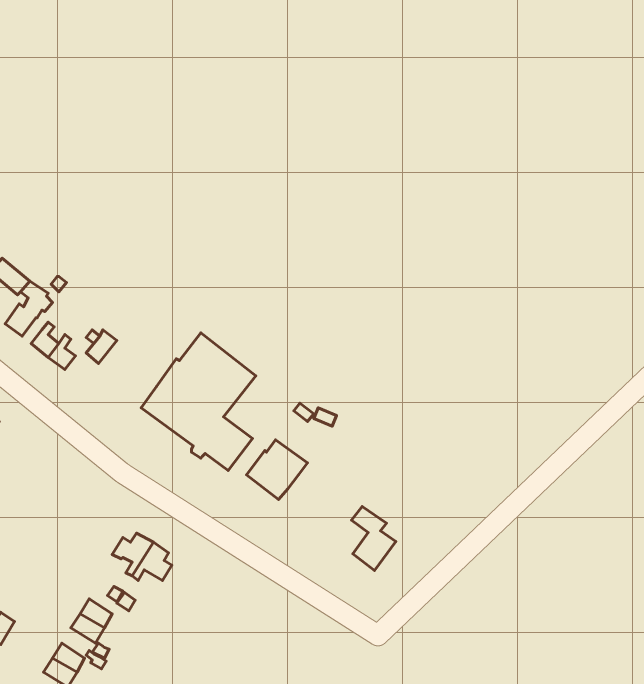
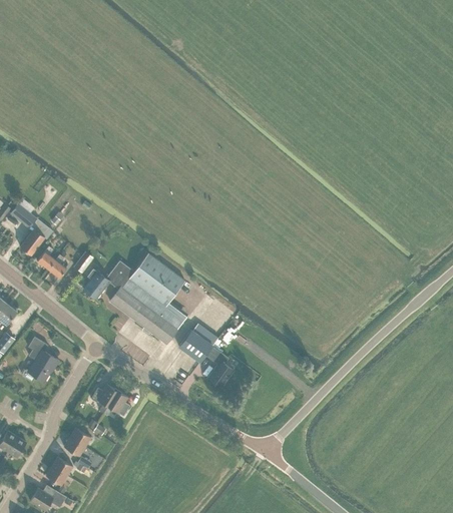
building: none -> [83,260,132,299]
building: none -> [22,336,59,382]
building: [351,506,396,571] -> [205,346,235,388]

